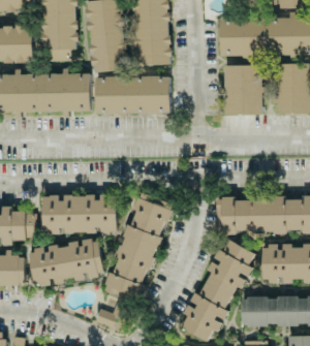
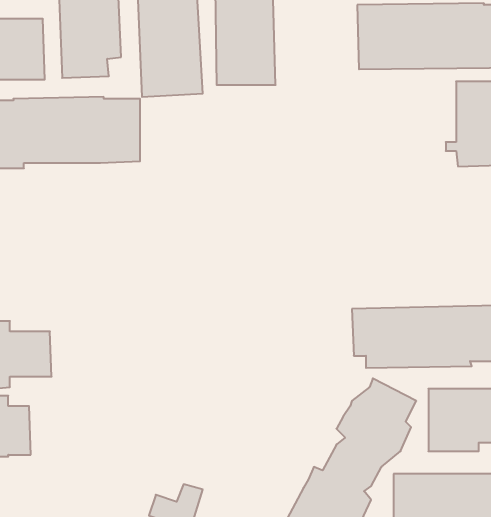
building: [222,65,262,115] -> none
building: [95,76,169,114] -> none
building: [103,193,173,302] -> none
building: [42,194,117,232] -> none
building: [29,239,102,287] -> none

